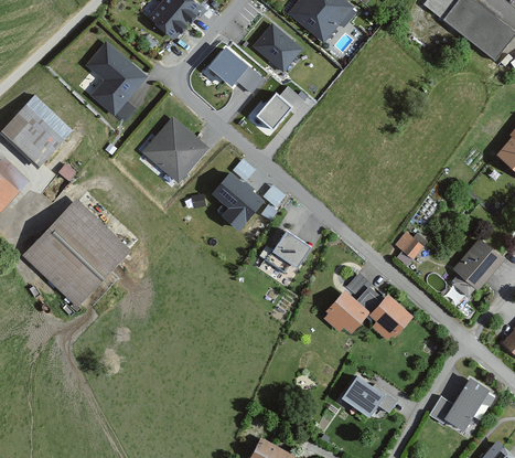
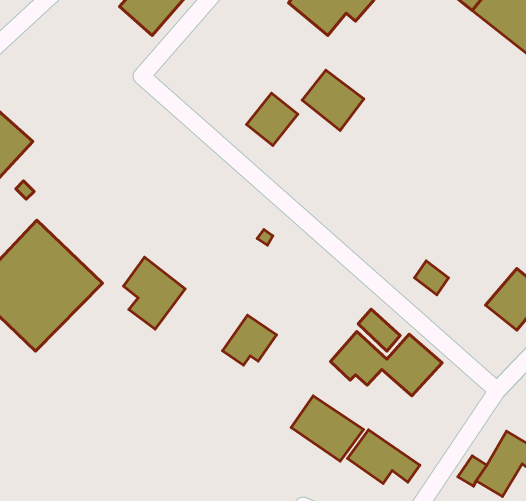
building: [249,22,301,73] -> [302,70,364,130]
building: [84,42,144,127] -> none
building: [205,43,250,88] -> none
building: [141,114,211,182] -> none
building: [213,170,265,231] -> [124,257,185,329]
building: [266,230,311,271] -> [223,315,276,365]
building: none -> [291,396,363,461]

